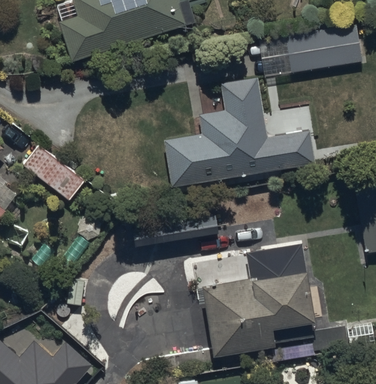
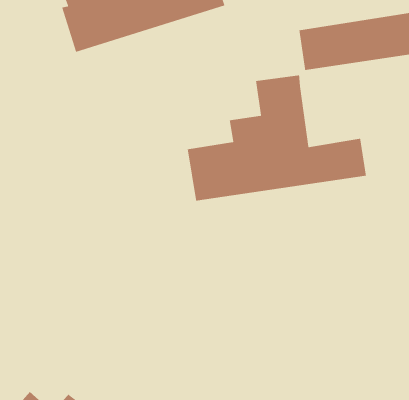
building: [23,142,85,198] -> none
building: [201,234,309,342] -> none

